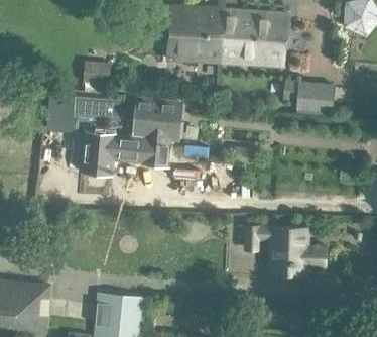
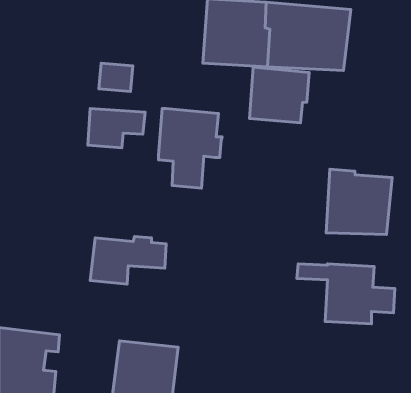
building: none -> [249,67,309,123]
building: [297,82,334,111] -> none
building: [81,134,143,174] -> [90,236,166,284]
building: none -> [326,169,392,234]

